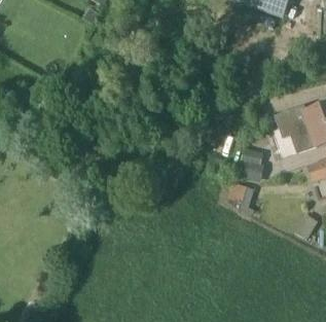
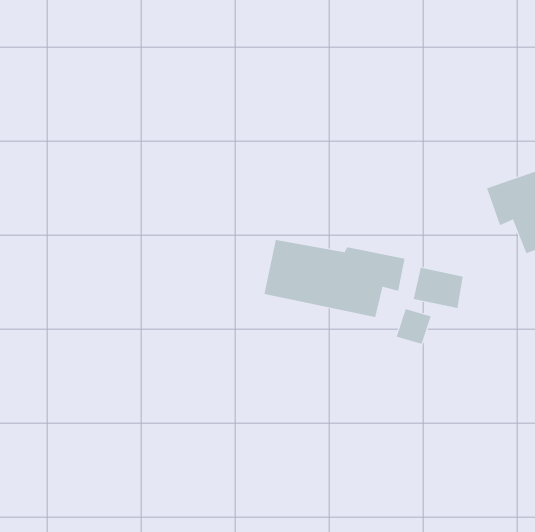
building: none -> [264,239,405,318]

